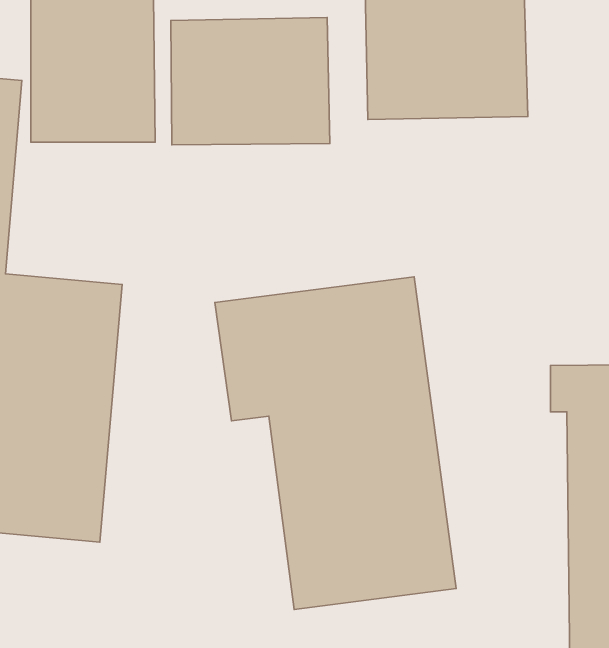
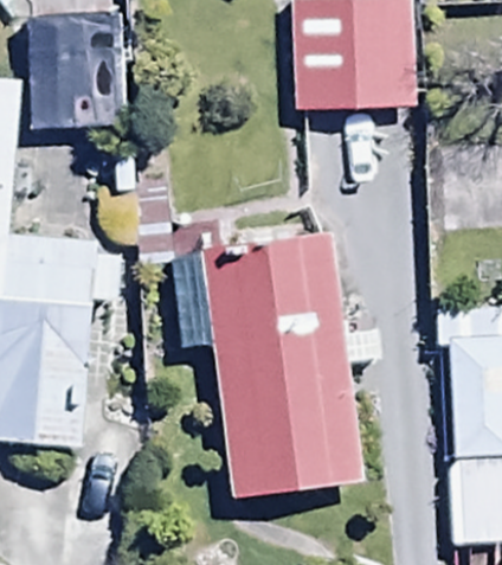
building: [171,17,330,145] -> none

